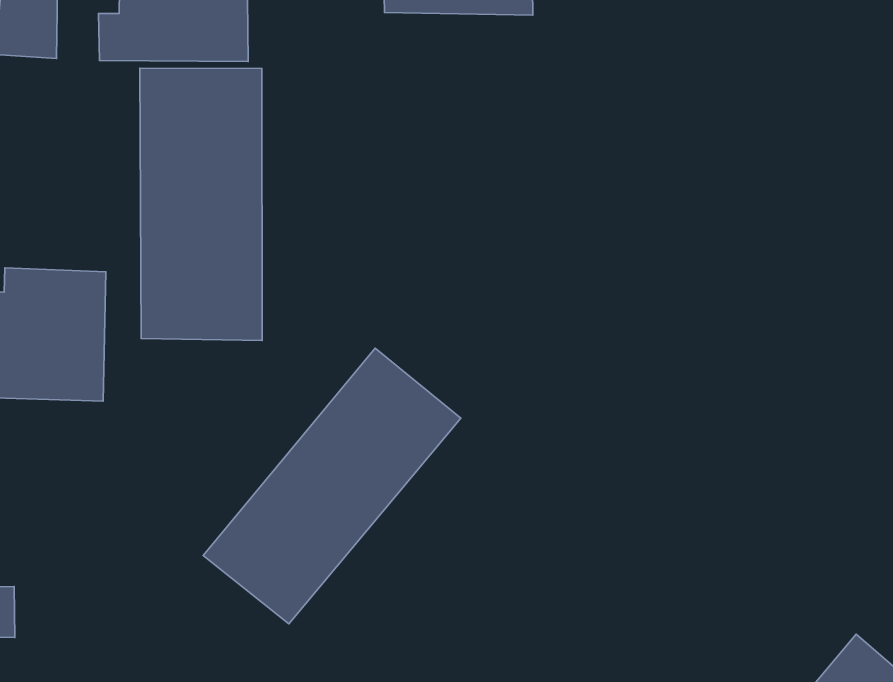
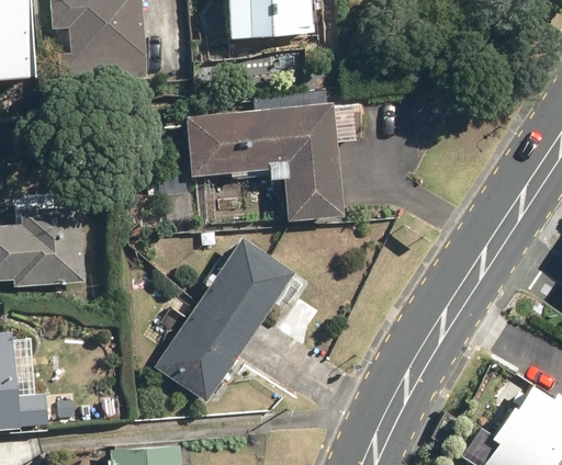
building: [140,68,262,340] -> none
building: none -> [182,101,341,223]

